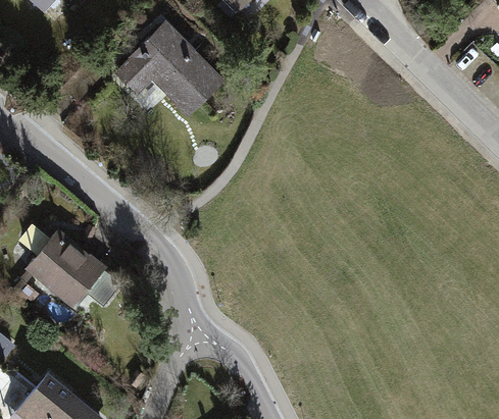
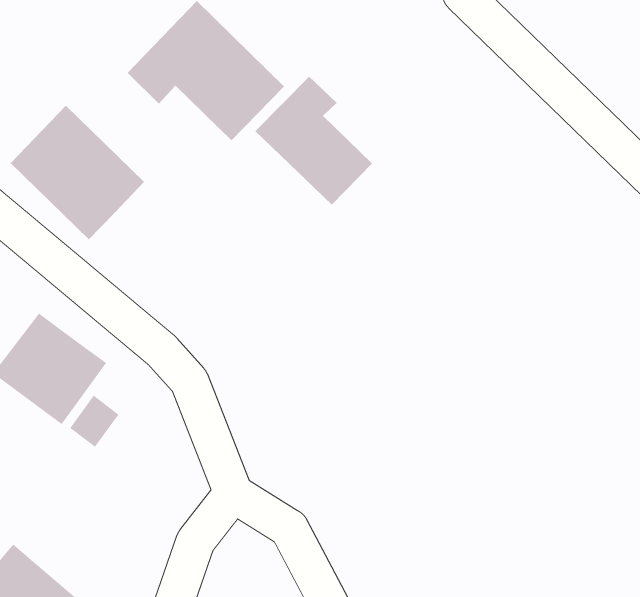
building: none -> [255,76,373,206]
building: none -> [10,105,145,240]

